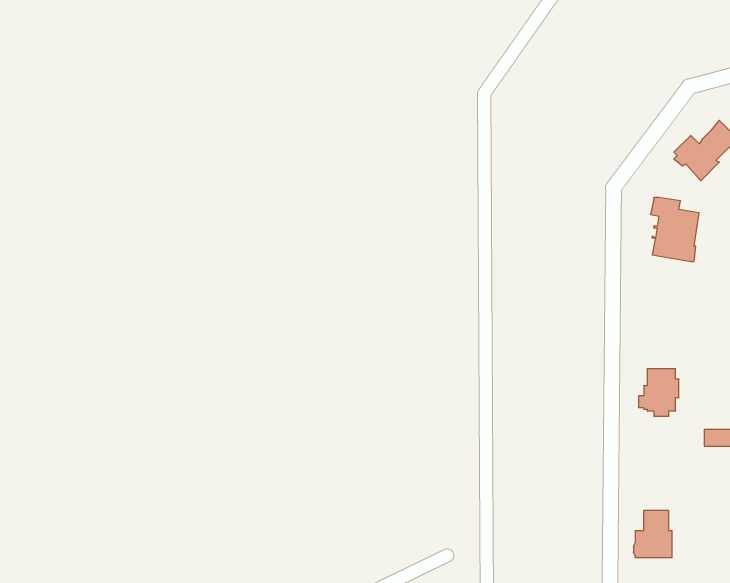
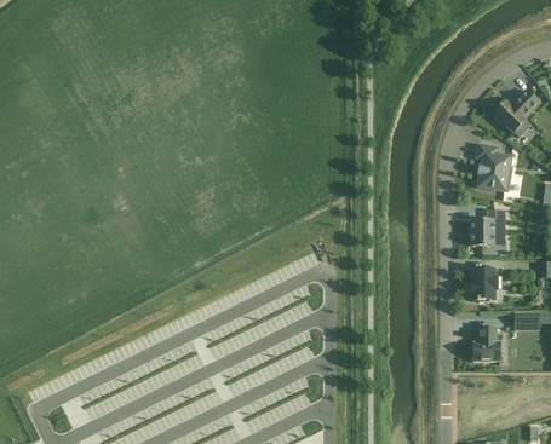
building: none -> [471,211,505,246]
building: [633,511,672,558] -> [471,327,499,361]

